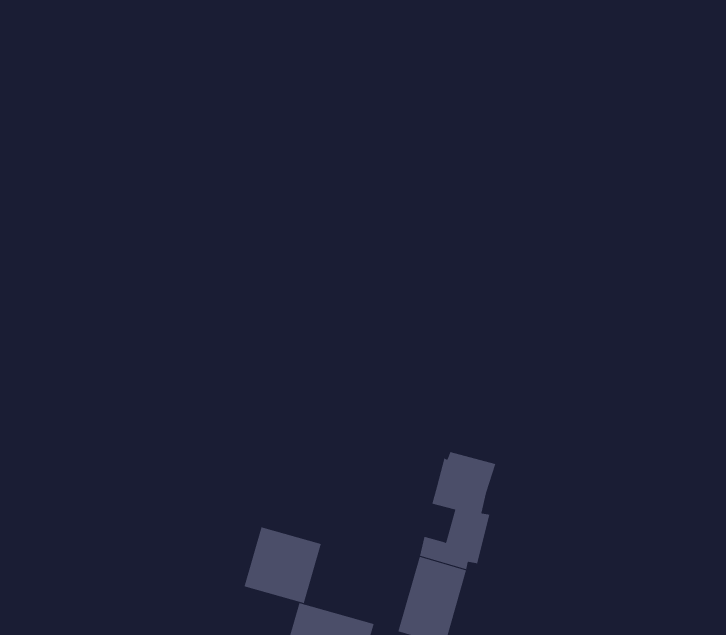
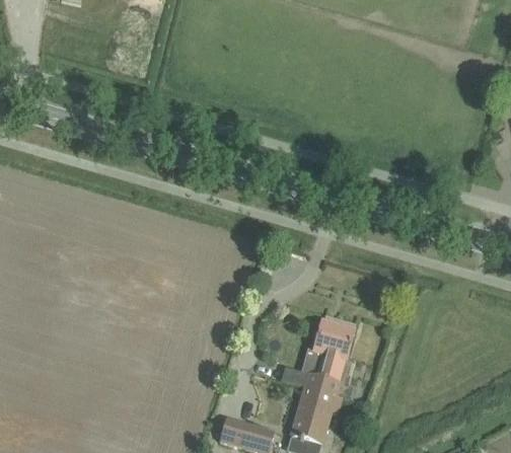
building: [244,527,321,604] -> none

